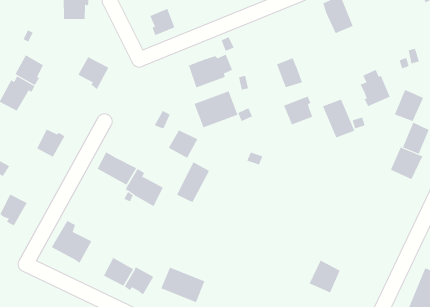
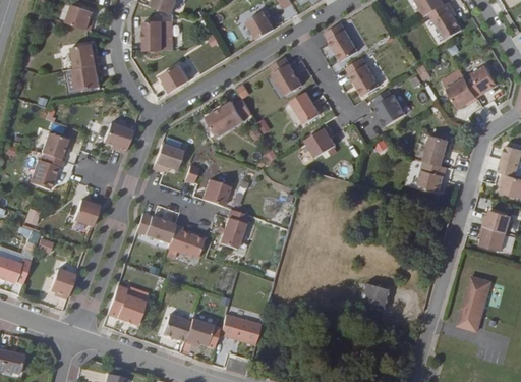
building: none -> [269,58,301,97]
building: none -> [150,145,179,171]
building: [394,89,424,122] -> none
building: [194,91,238,128] -> none
building: [322,99,355,138] -> [344,57,380,96]

